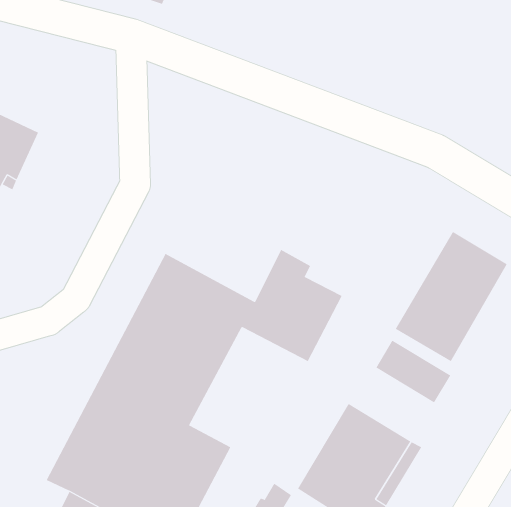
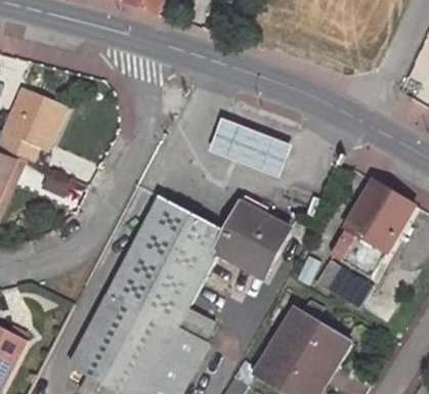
building: none -> [205,116,287,174]

